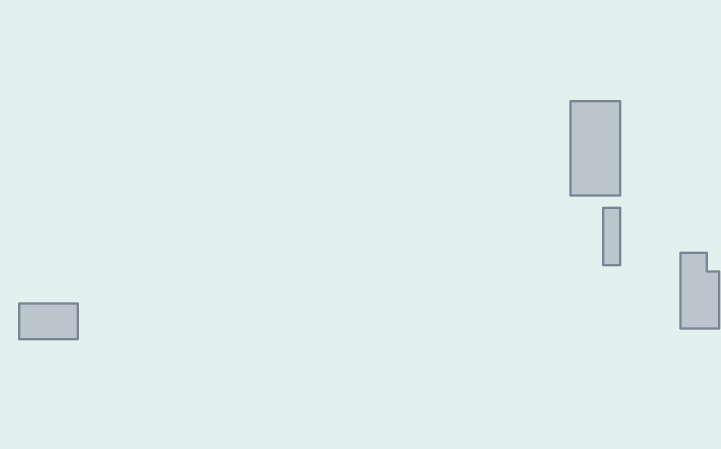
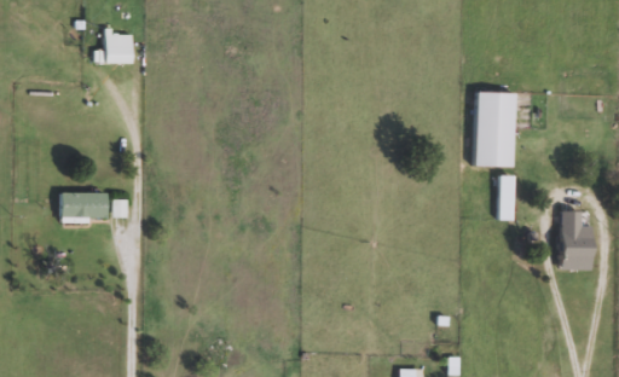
building: none -> [105,31,133,63]
building: [19,303,78,339] -> [60,191,106,219]

